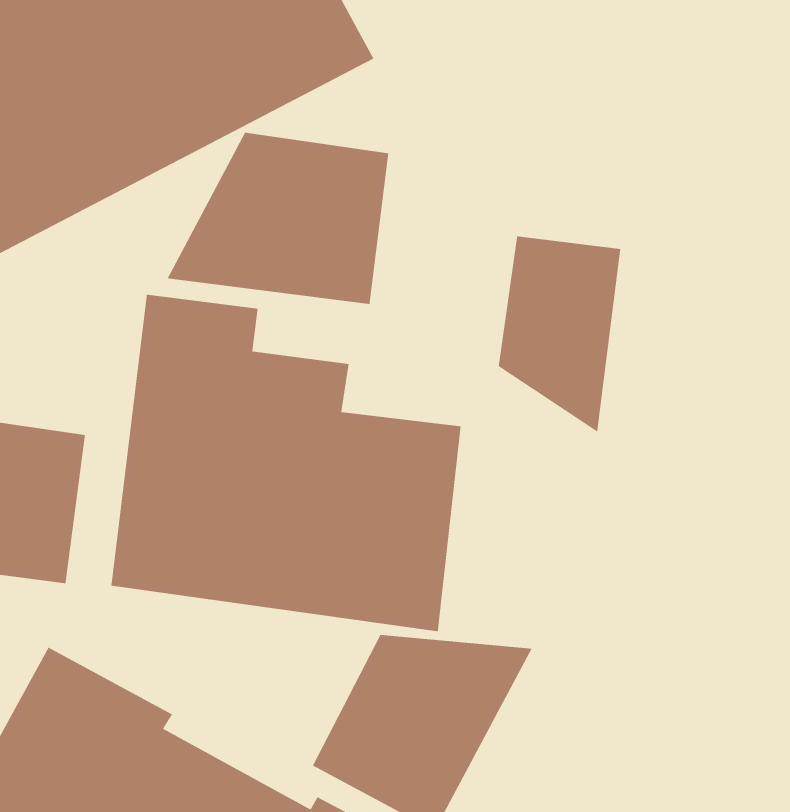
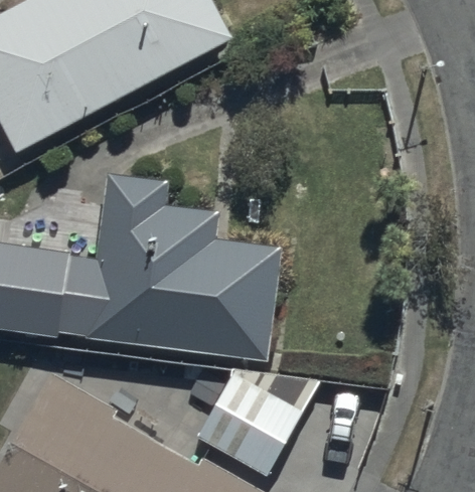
building: [166,132,389,305] -> none
building: [498,235,621,433] -> none

